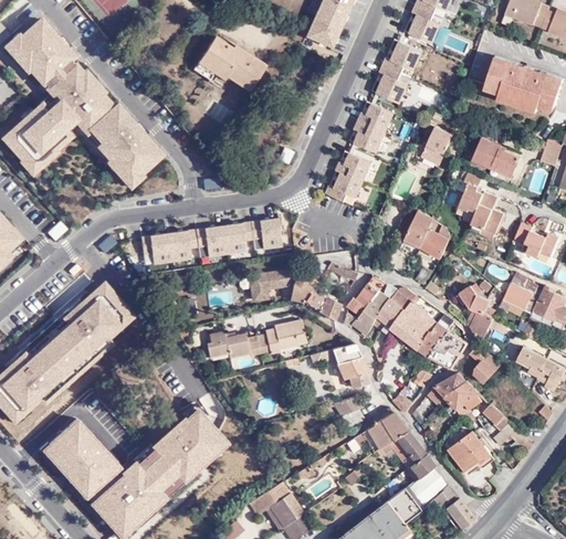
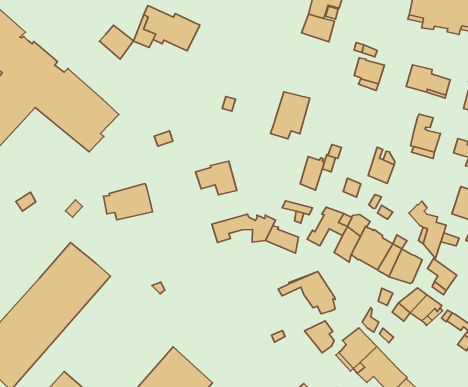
building: none -> [100,25,134,59]
building: [348,102,392,152] -> none
building: [458,173,481,212] -> none
building: [406,213,434,250] -> [300,156,325,190]
building: [186,220,244,256] -> none
building: [345,300,386,336] -> none
building: [205,320,306,358] -> none
building: [449,433,490,473] -> none

